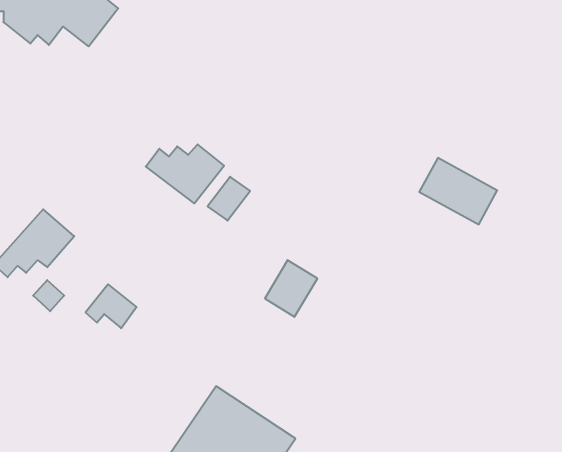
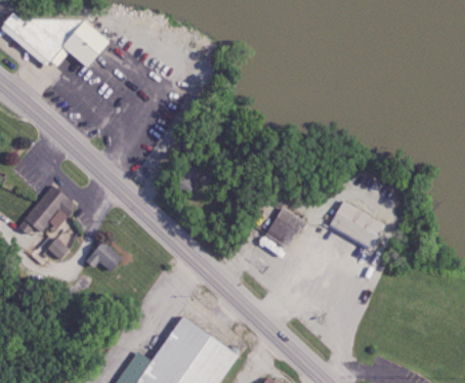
building: [146,144,224,203] -> none
building: [419,158,497,224] -> [326,201,382,249]
building: [265,260,317,317] -> [266,207,304,248]

